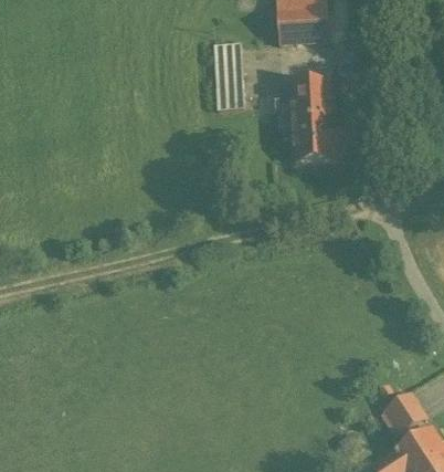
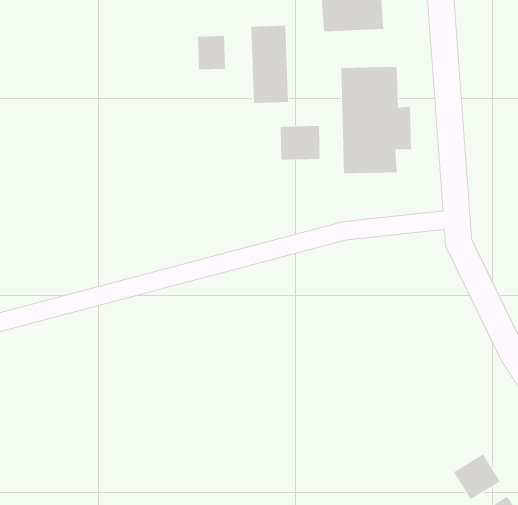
building: none -> [198,35,225,70]
building: none -> [280,125,320,160]

